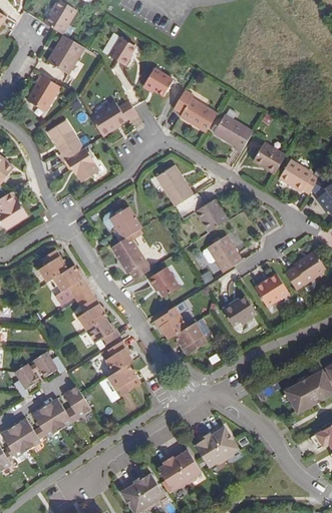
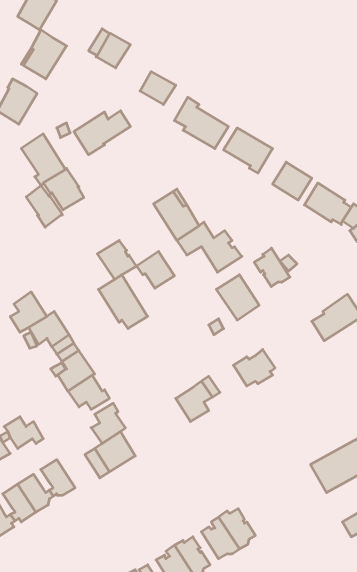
building: none -> [26,185,62,227]
building: none -> [254,248,290,287]
building: [147,267,179,297] -> [136,251,174,288]
building: [254,274,288,306] -> none
building: [153,306,188,339] -> none

